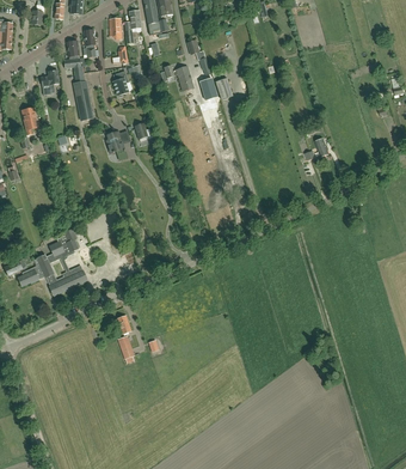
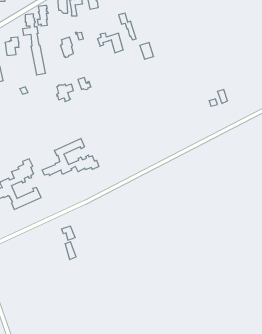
building: none -> [42,138,99,176]

